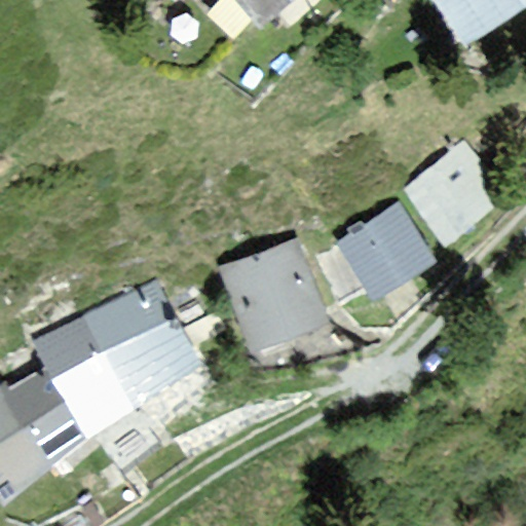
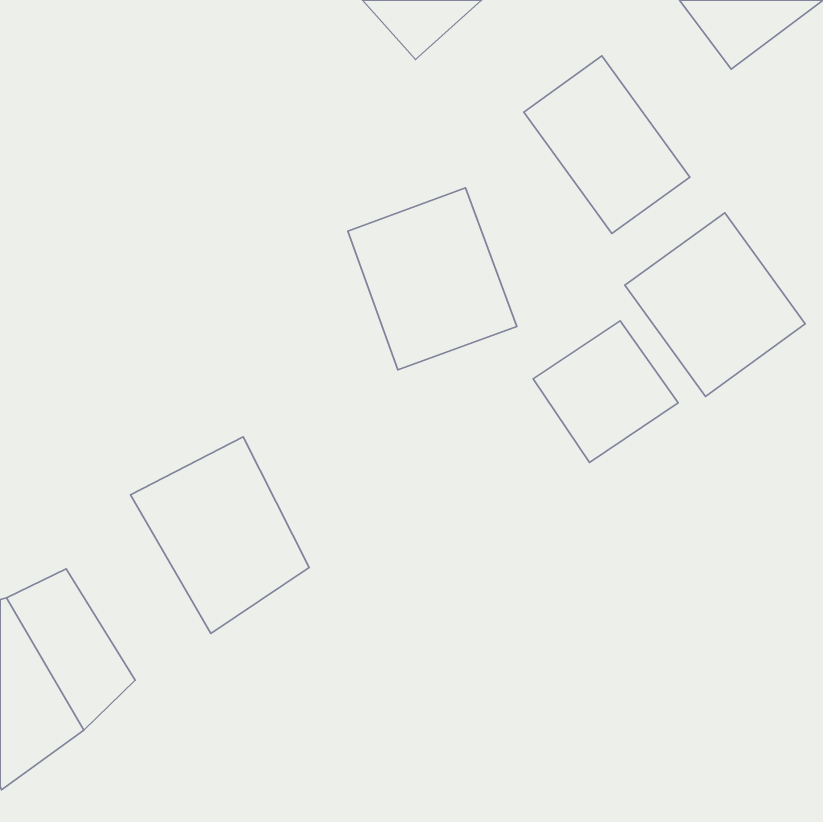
building: none -> [524,56,690,234]
building: [220,234,328,350] -> [348,188,517,370]
building: [31,316,135,435] -> none

